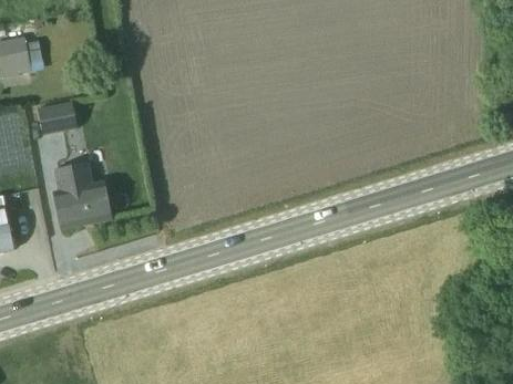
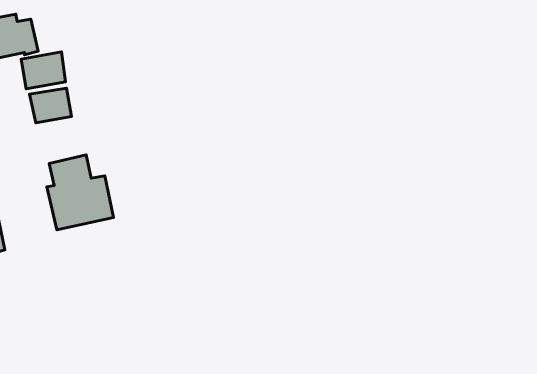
building: none -> [21,52,65,89]

